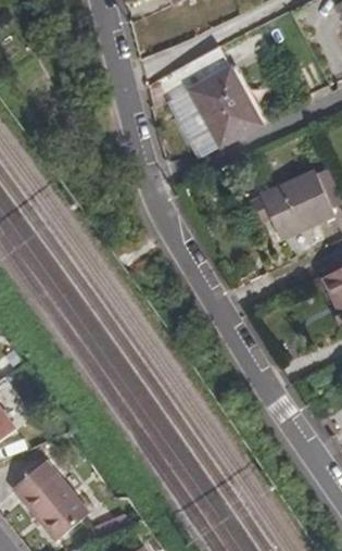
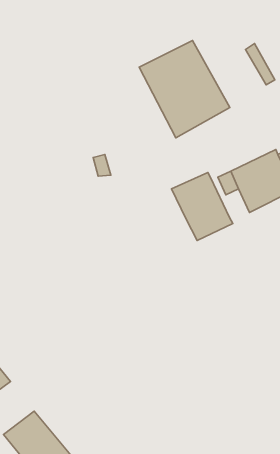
building: none -> [171,173,233,241]

